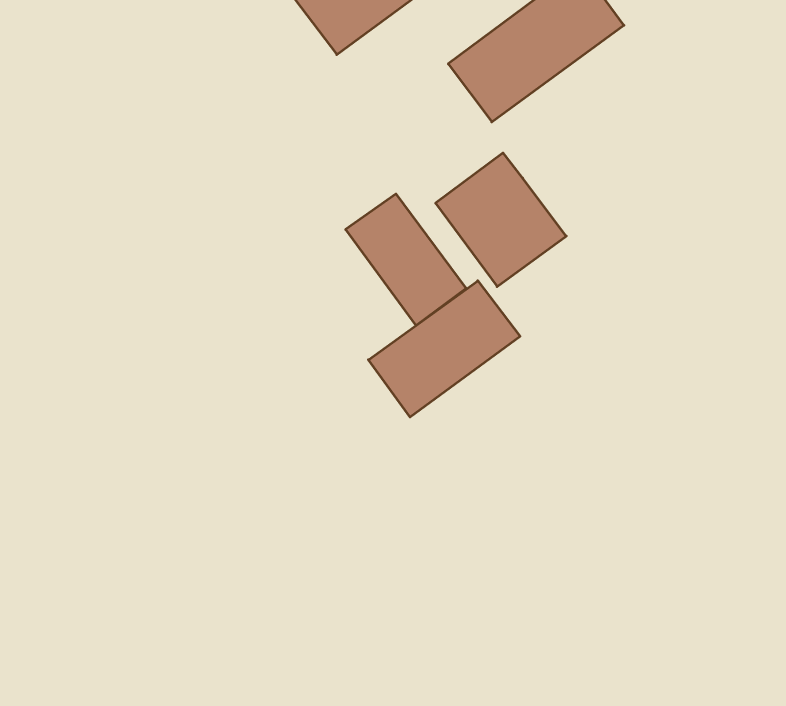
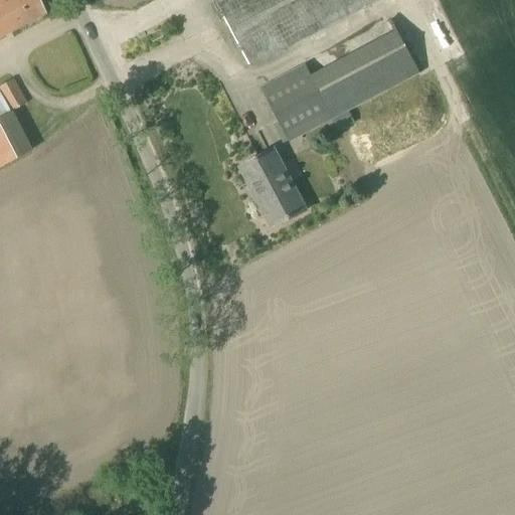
building: [436,153,566,287] -> [262,62,334,139]
building: [368,281,520,417] -> none

